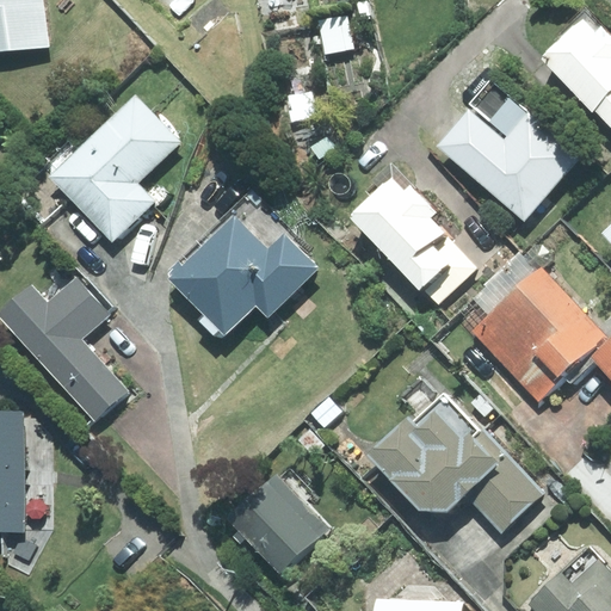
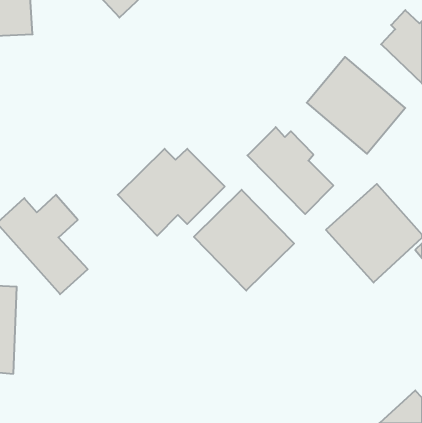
building: [51,93,180,240] -> none
building: none -> [194,190,294,291]
building: [378,405,549,538] -> none
building: [228,471,333,579] -> none

